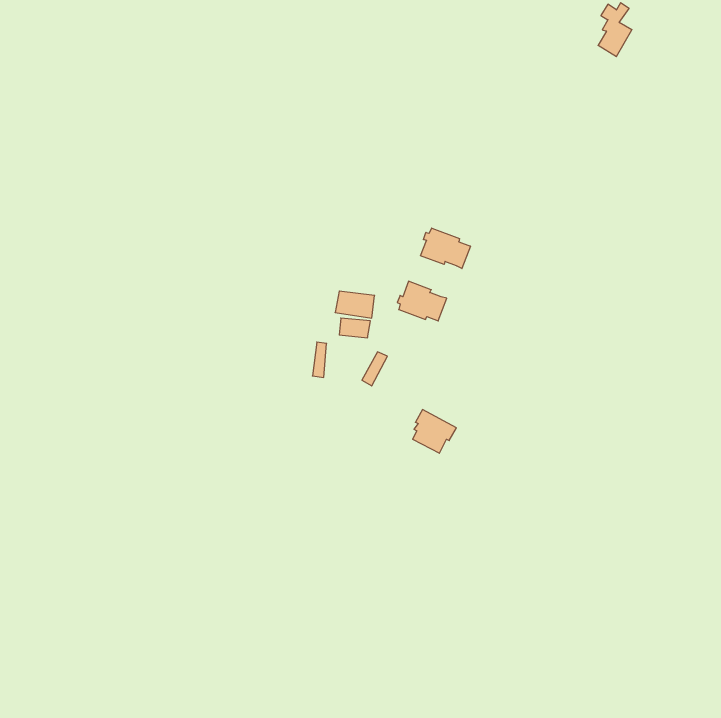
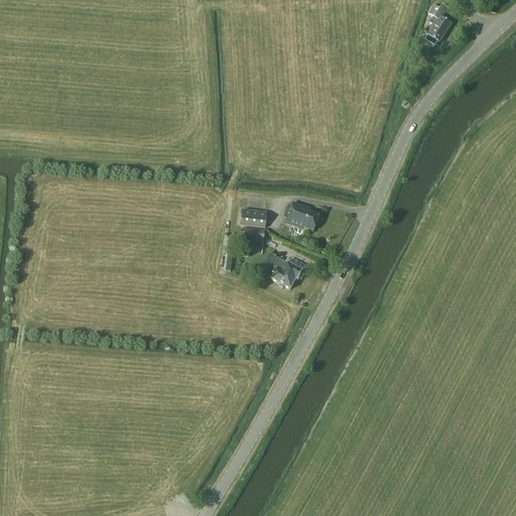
building: [421,228,470,269] -> none
building: [413,410,456,453] -> [271,257,302,288]

